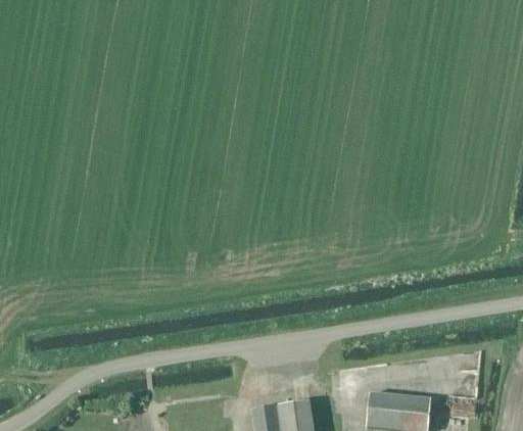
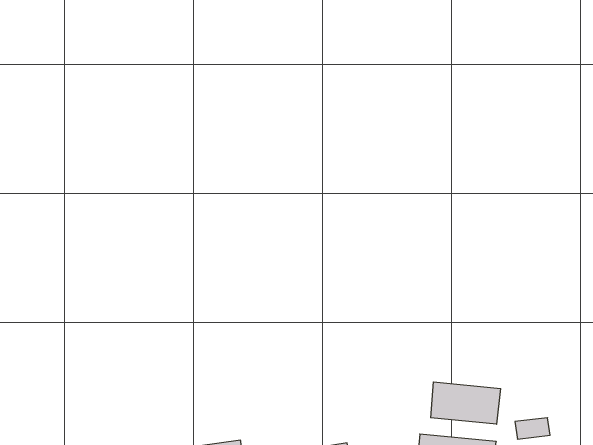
building: none -> [431,382,501,424]

